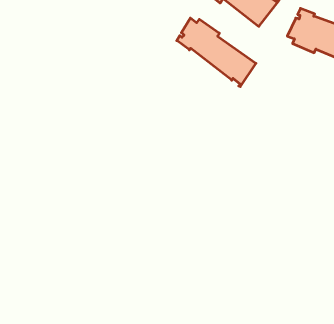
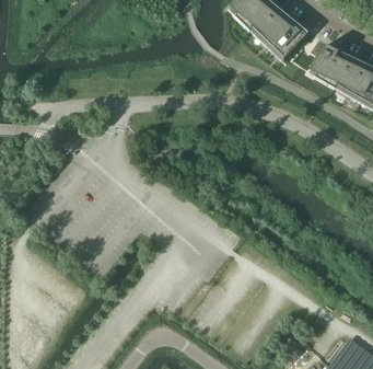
building: [177,18,256,87] -> none

